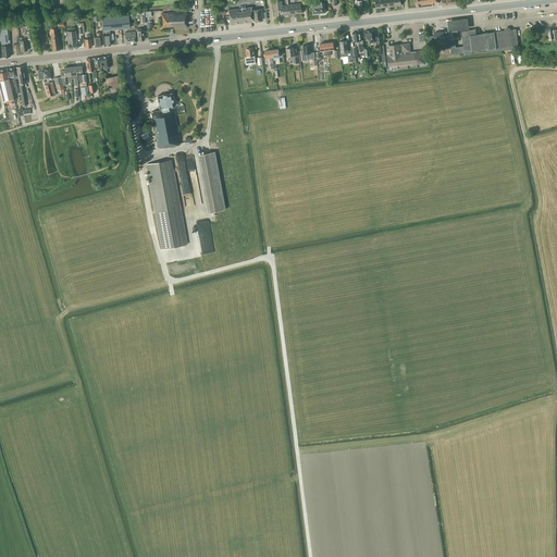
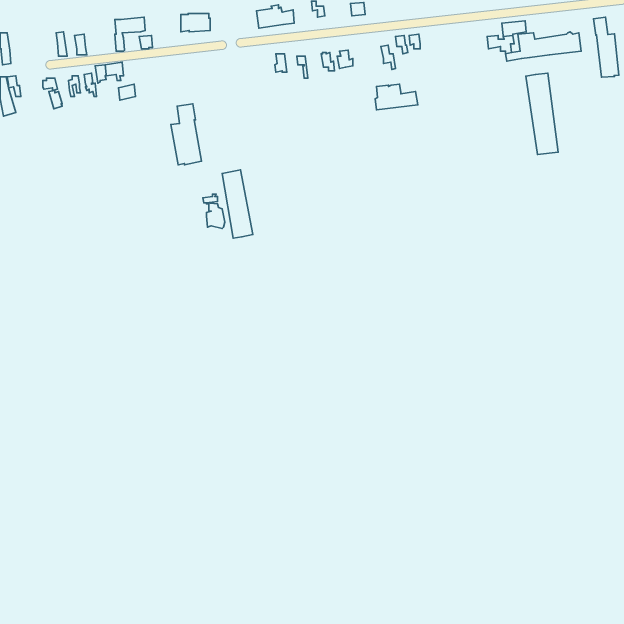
building: none -> [594,17,619,77]
building: [387,44,425,66] -> [375,84,418,110]
building: none -> [526,73,558,155]
building: [146,160,186,250] -> none

